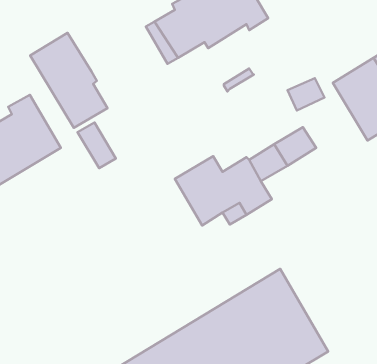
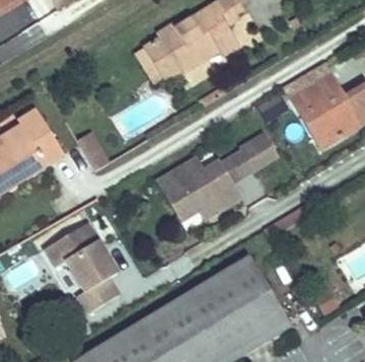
building: [30,33,108,128] -> none
building: none -> [45,221,119,311]

